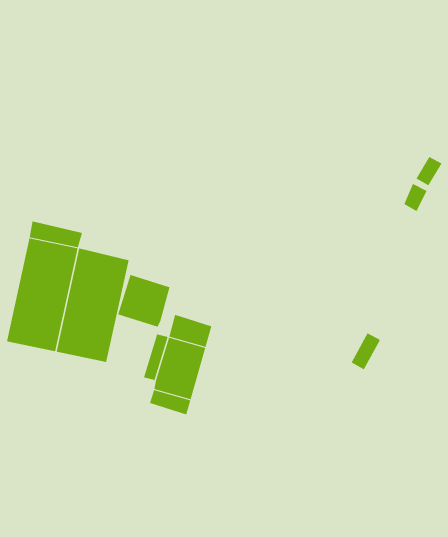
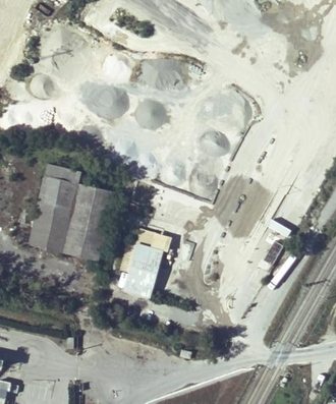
building: [117,274,170,327] -> none

